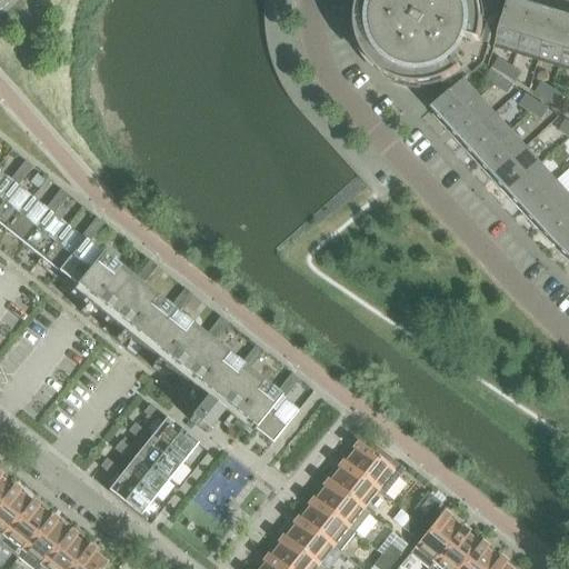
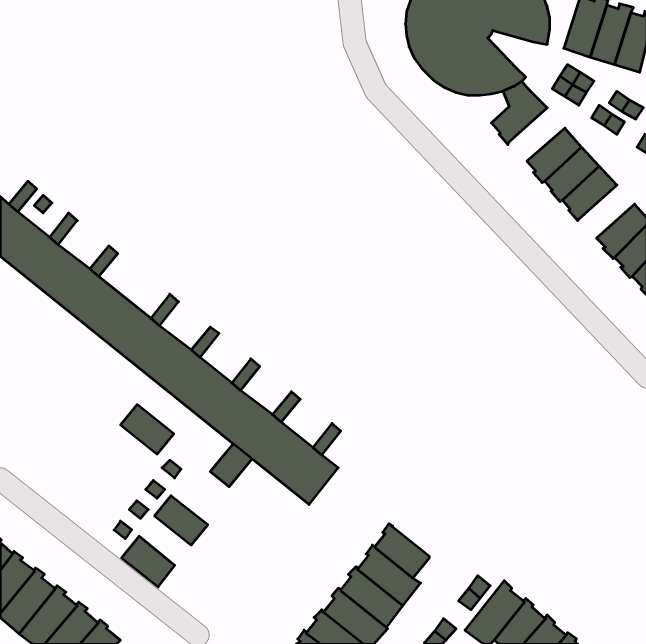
building: [448,94,497,143] -> none
building: [509,162,558,210] -> none
building: [151,417,198,460] -> [121,405,174,454]
building: [345,440,407,495] -> none
building: [123,452,169,496] -> none

